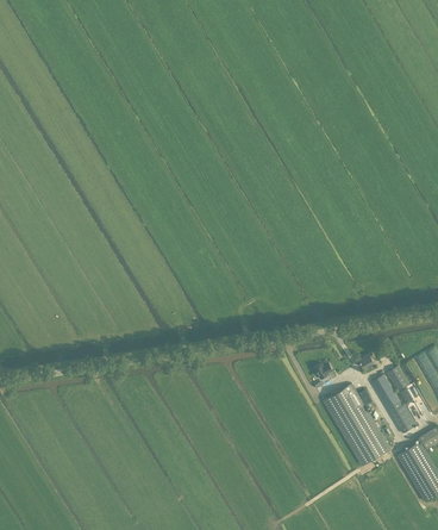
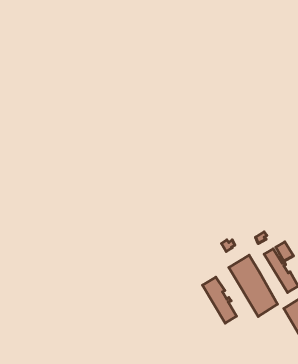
building: none -> [203,277,236,323]

